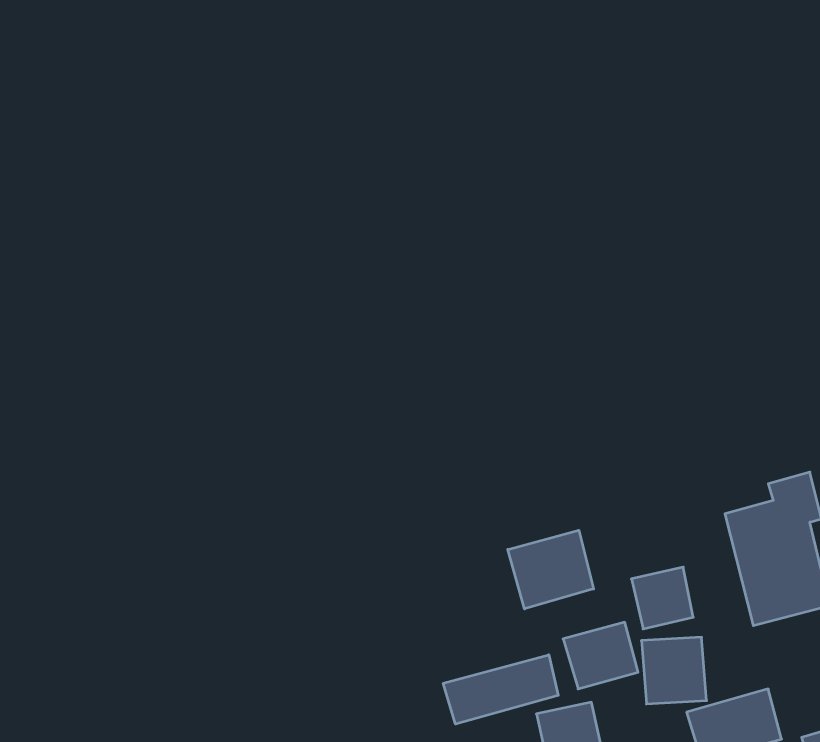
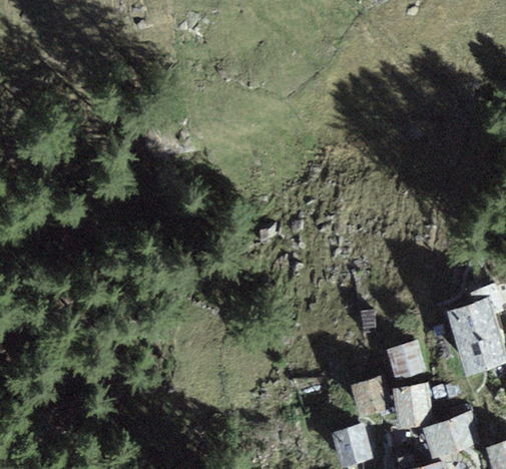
building: [508,530,594,609] -> none
building: [443,655,558,724] -> none

